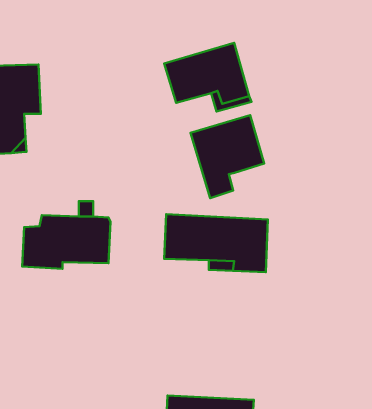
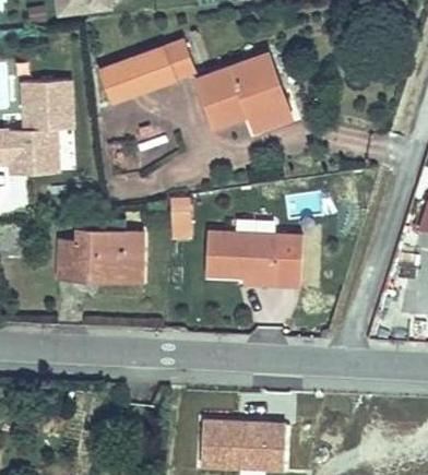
building: none -> [102,43,193,98]
building: [190,115,264,198] -> none
building: none -> [169,193,191,237]

